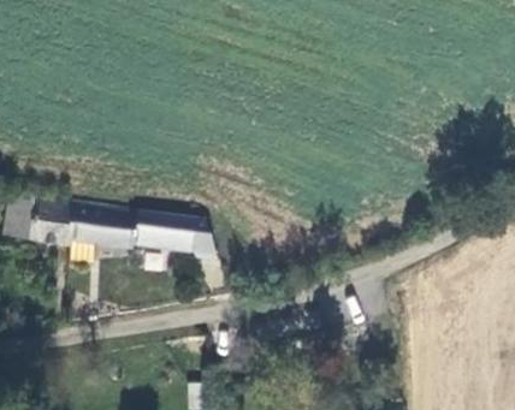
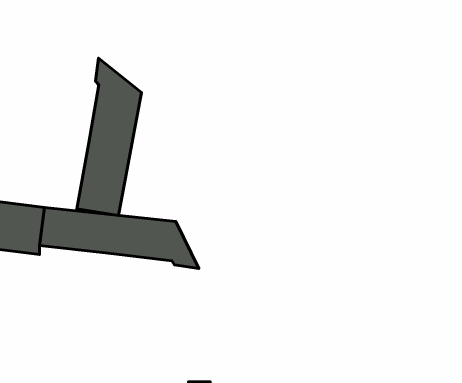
building: none -> [77,58,142,215]

